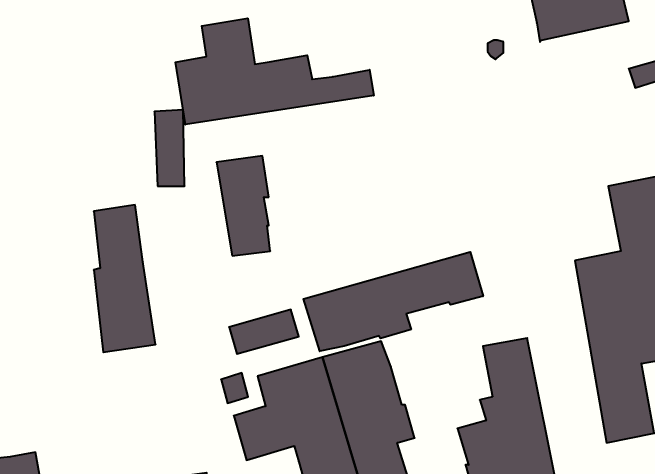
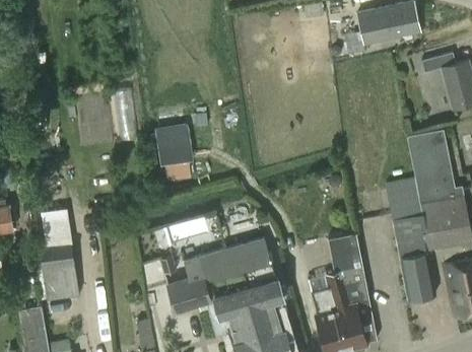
building: [175,18,374,125] -> none
building: [94,205,156,352] -> [40,208,79,302]
building: [303,252,483,351] -> none

